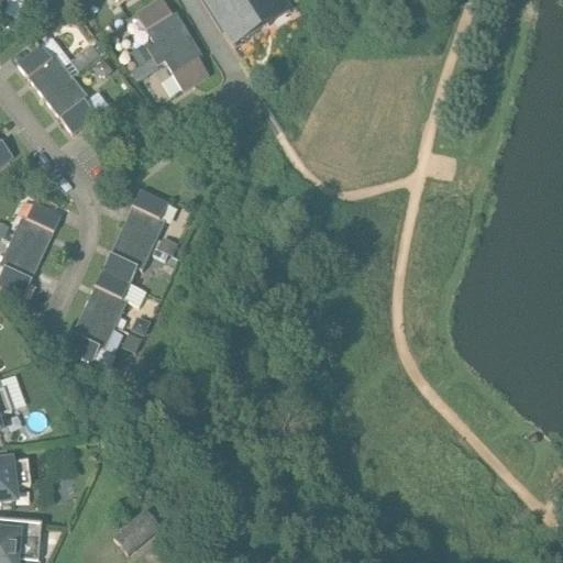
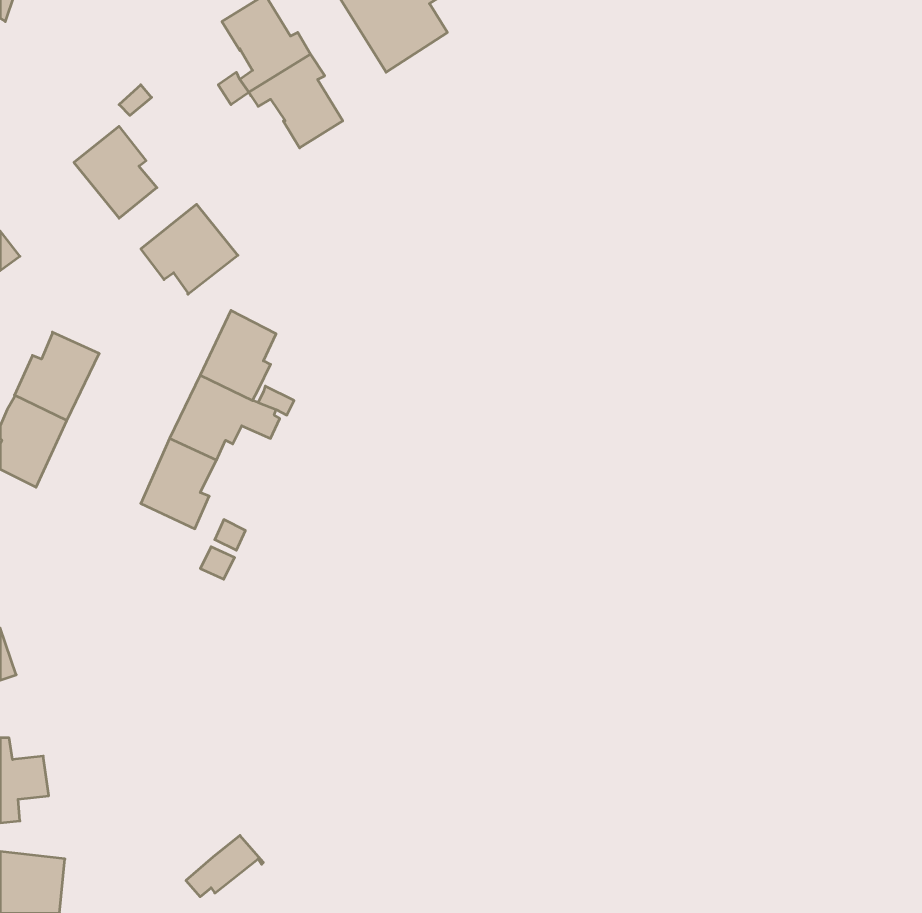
building: [18,44,73,99] -> none
building: none -> [141,204,238,294]
building: [65,307,119,364] -> none

